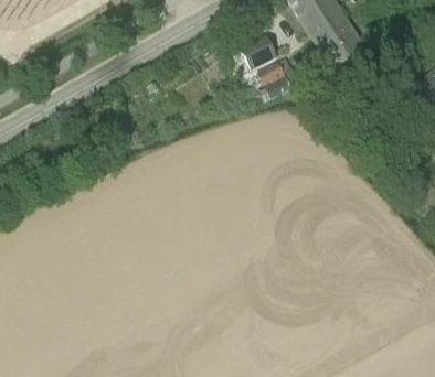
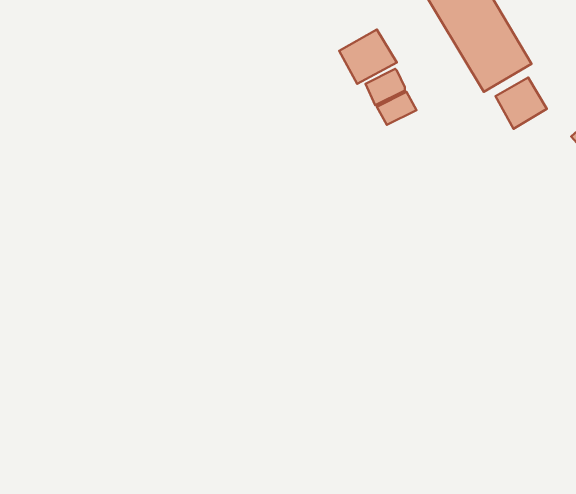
building: none -> [496,77,547,129]

